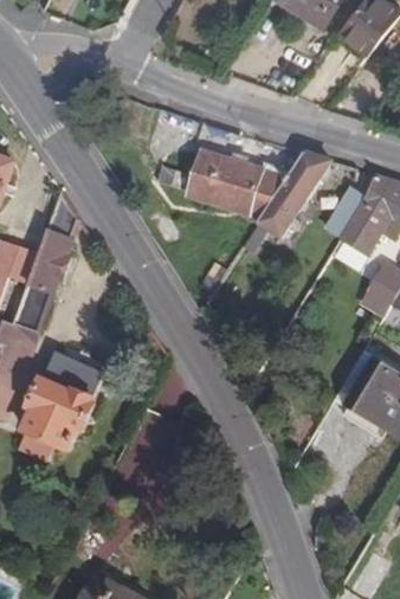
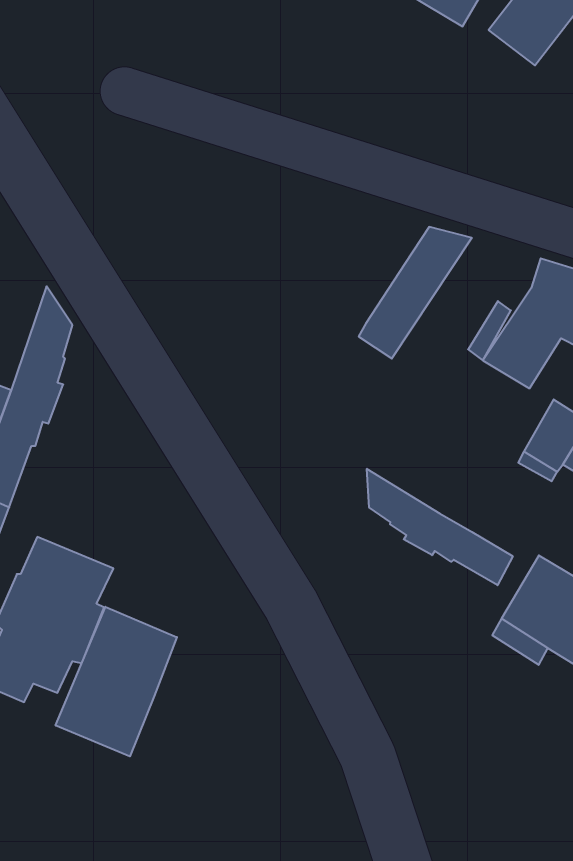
building: [188,152,288,214] -> none
building: none -> [367,469,513,585]
building: none -> [56,607,177,756]

